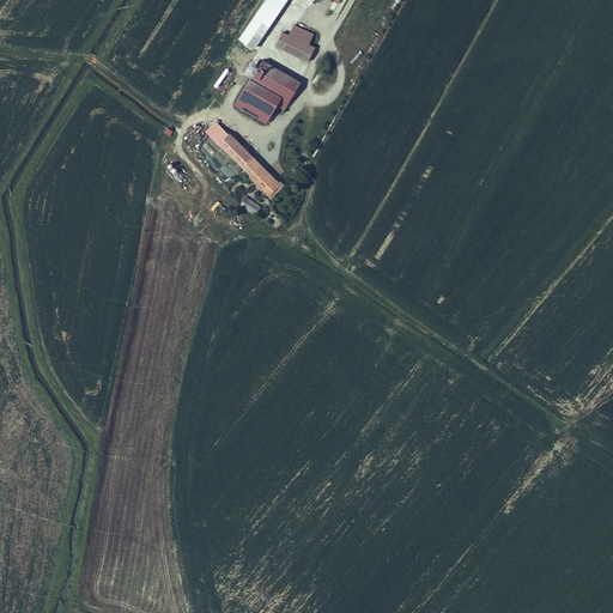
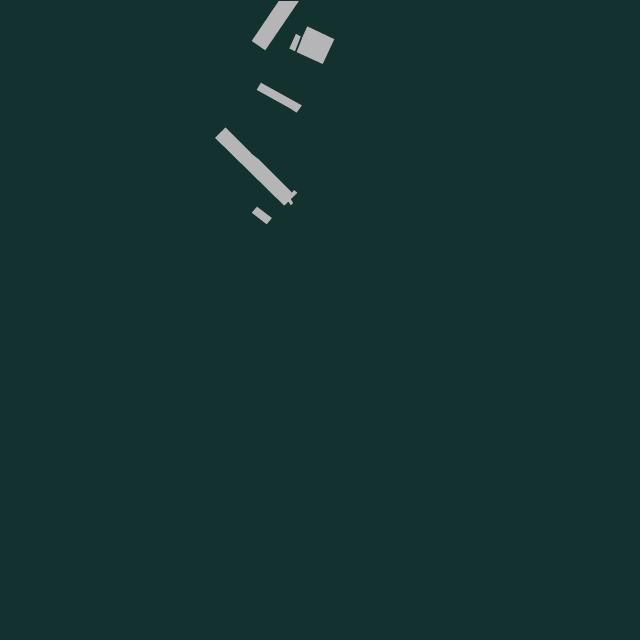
building: [249,59,301,101] -> none
building: [233,86,277,123] -> none

